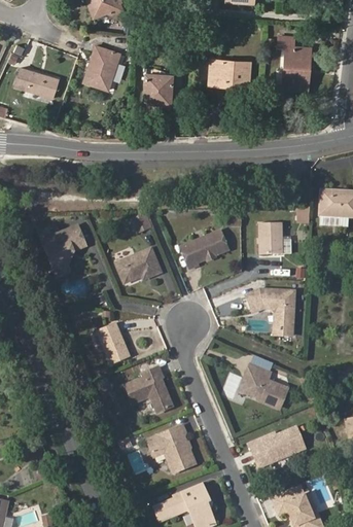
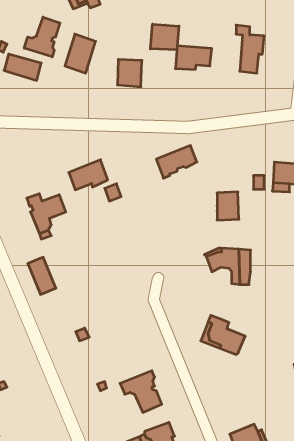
building: none -> [24,17,60,57]
building: none -> [150,24,179,50]
building: [180,231,226,268] -> [156,146,197,178]
building: [115,248,160,282] -> [69,160,108,190]
building: [96,321,128,363] -> [28,257,56,294]
building: [126,367,172,413] -> none
building: [248,427,305,464] -> none

